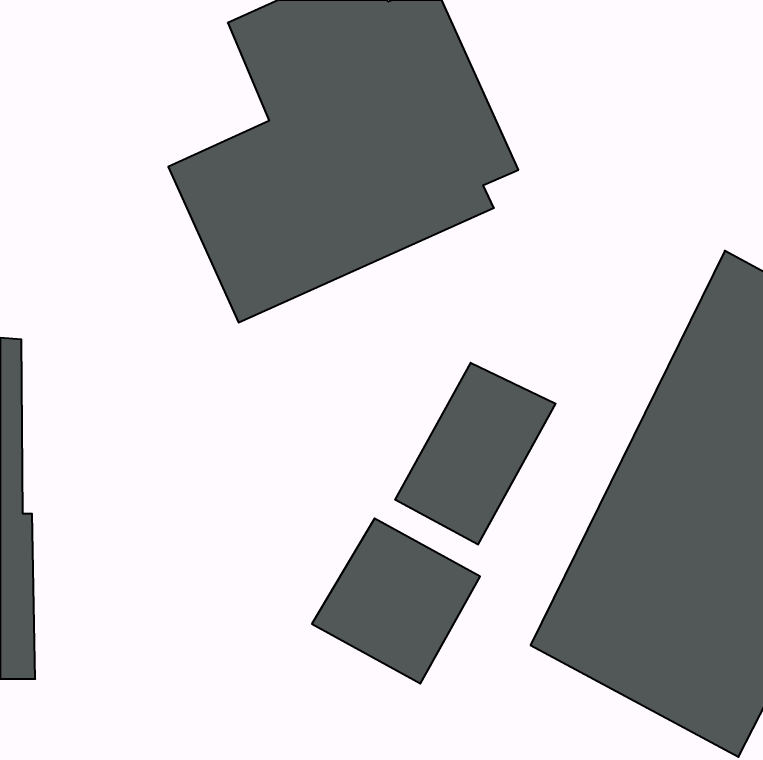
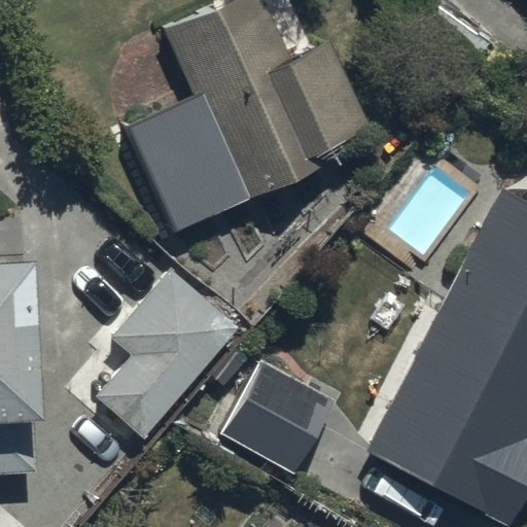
building: [395,363,556,545] -> none
building: none -> [98,270,241,437]

